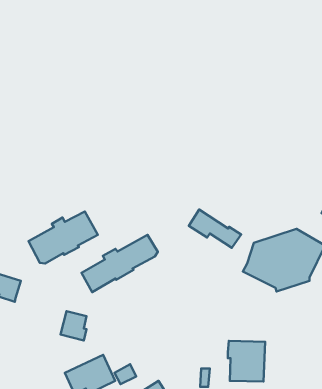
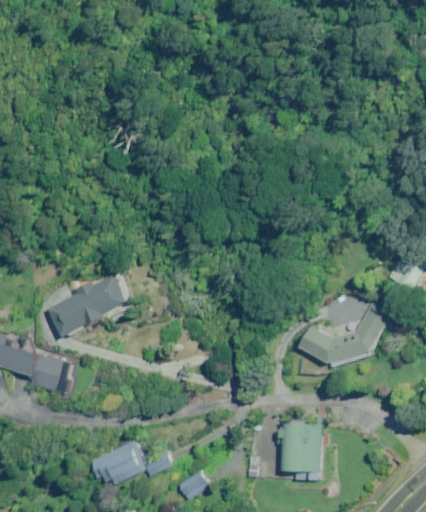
building: [189,210,241,248] -> none
building: [81,235,158,292] -> none
building: [61,311,87,341] -> [40,358,70,392]

